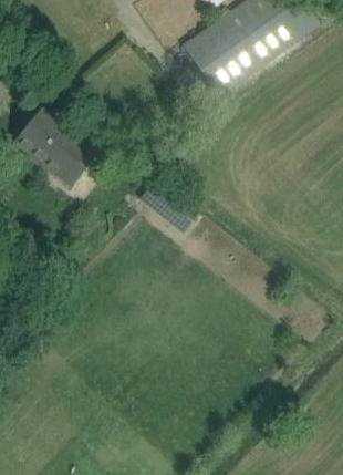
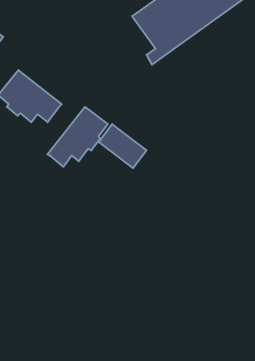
building: none -> [47,107,108,167]

